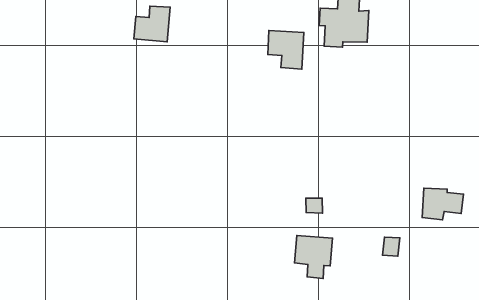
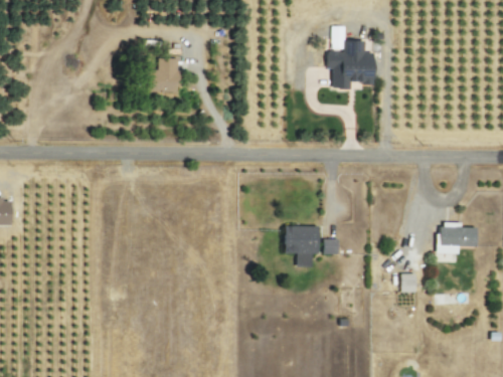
building: [268,31,304,69] -> none
building: [294,235,333,279] -> [283,226,319,267]

